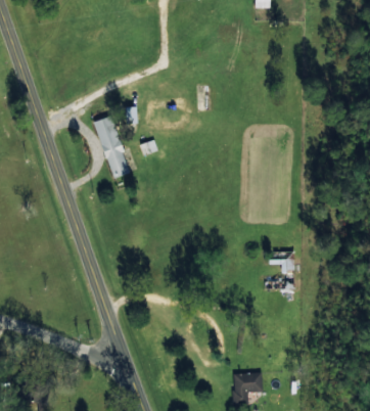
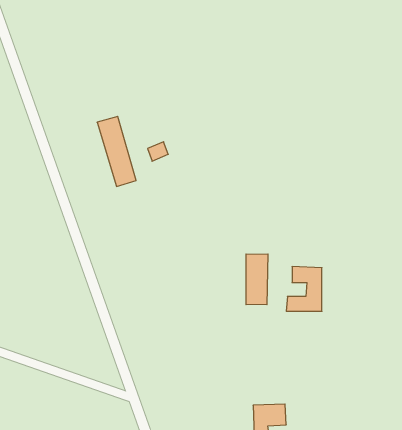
building: none -> [246,254,268,305]

